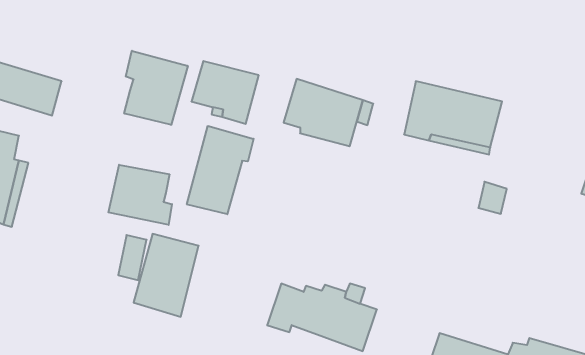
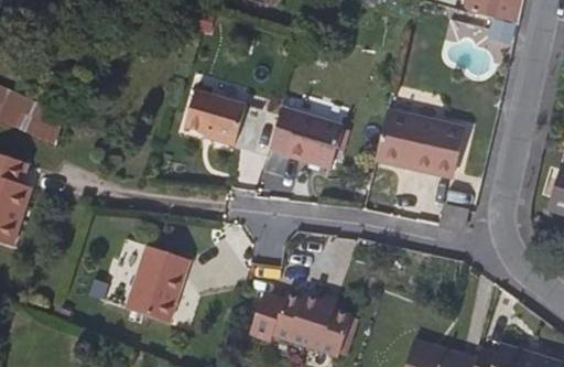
building: [124,51,188,125] -> none
building: [187,126,254,214] -> none
building: [108,165,172,225] -> none

